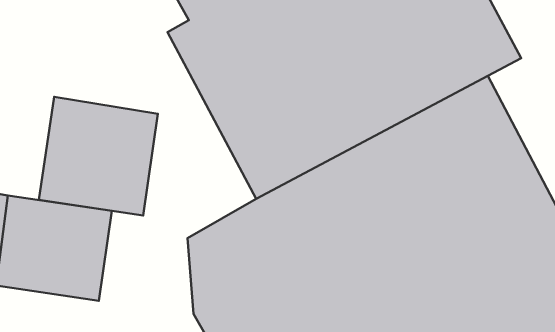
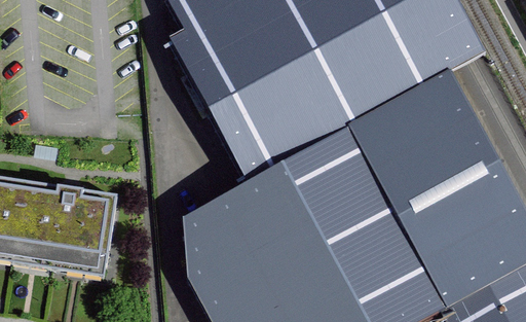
building: [39,97,158,216] -> none

